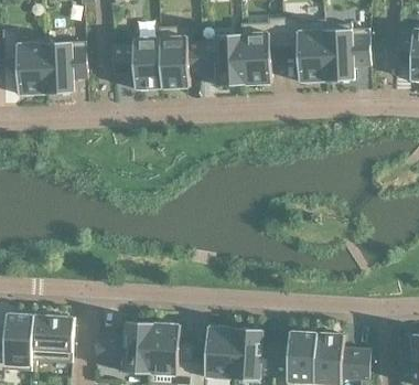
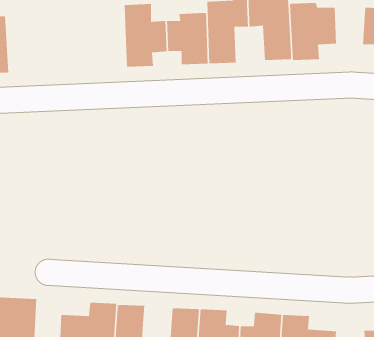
building: [110,28,161,90] -> none
building: [42,39,86,95] -> none

